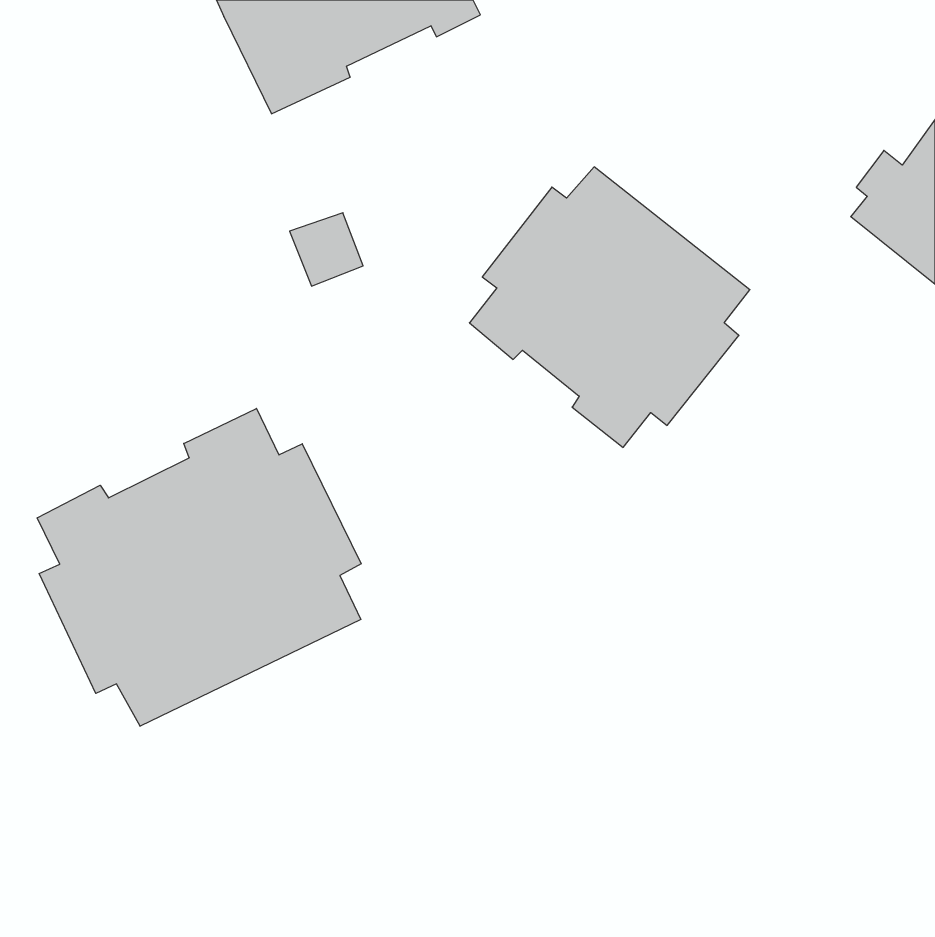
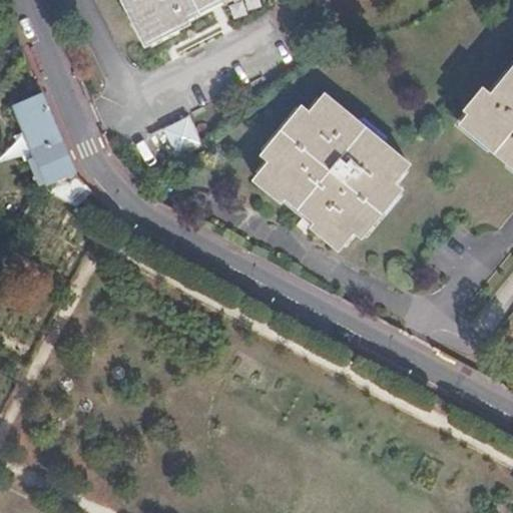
building: none -> [13,94,85,199]
building: [37,408,361,726] -> none

